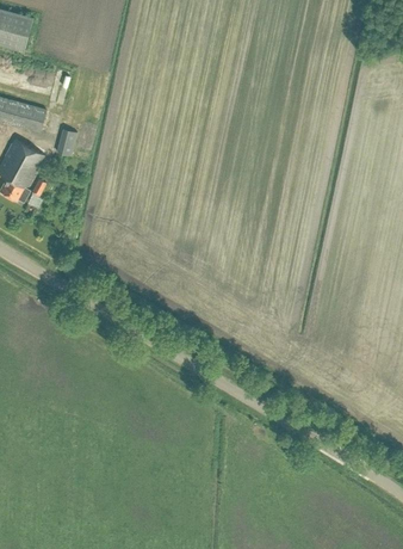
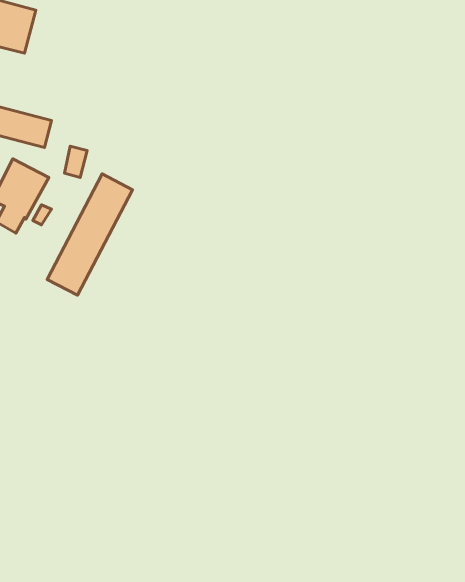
building: none -> [47,174,132,295]

